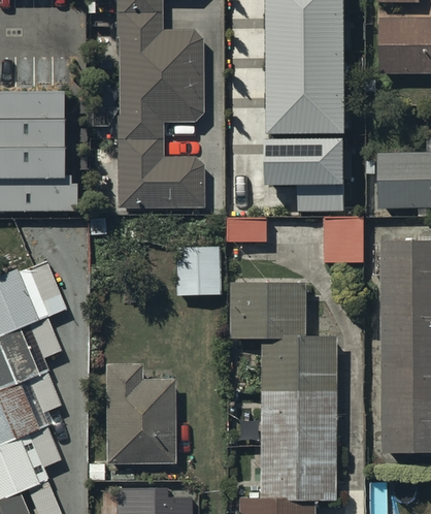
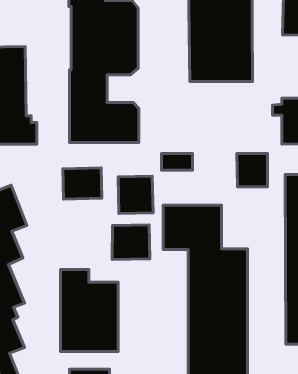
building: [263,136,342,210] -> none
building: none -> [63,168,102,199]
building: none -> [112,225,150,260]

